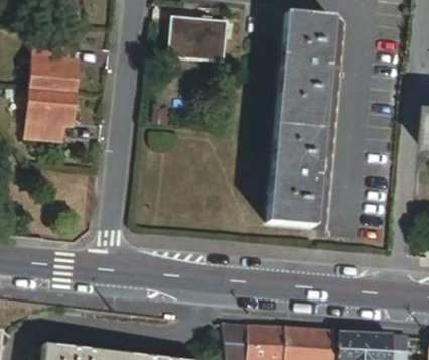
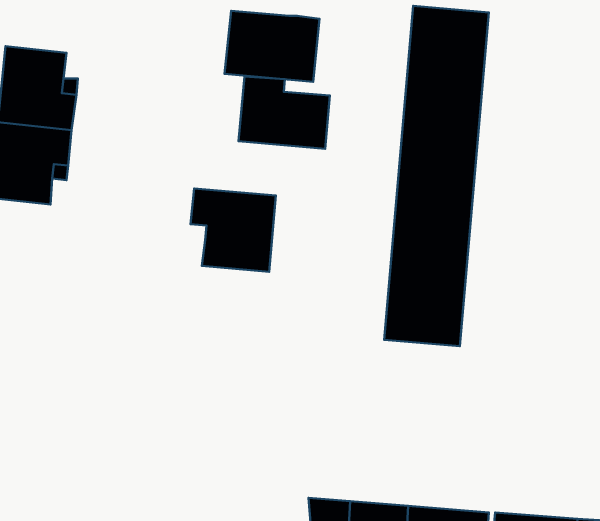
building: none -> [239,76,330,149]
building: none -> [190,189,276,272]

